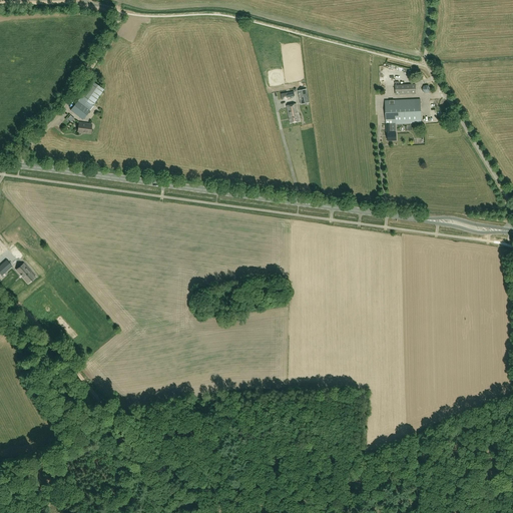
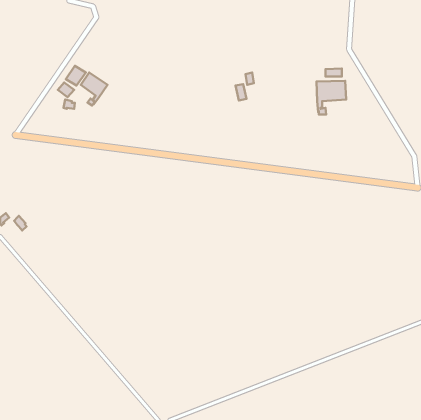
building: none -> [81,72,108,106]

